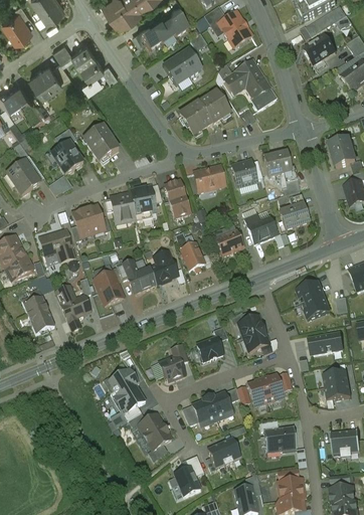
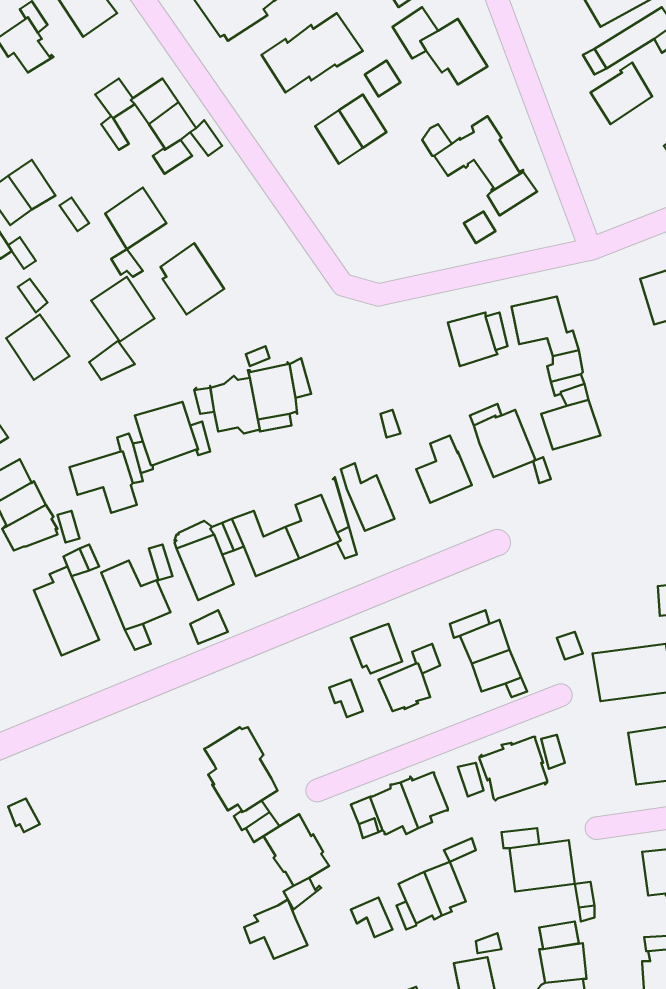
building: [30,62,61,94] -> [105,188,167,249]
building: [179,92,229,135] -> none
building: [195,166,223,189] -> none
building: [164,180,190,217] -> none
building: [297,280,331,320] -> none
building: [158,357,184,382] -> [351,624,402,673]
building: [168,467,200,497] -> [244,899,308,959]

